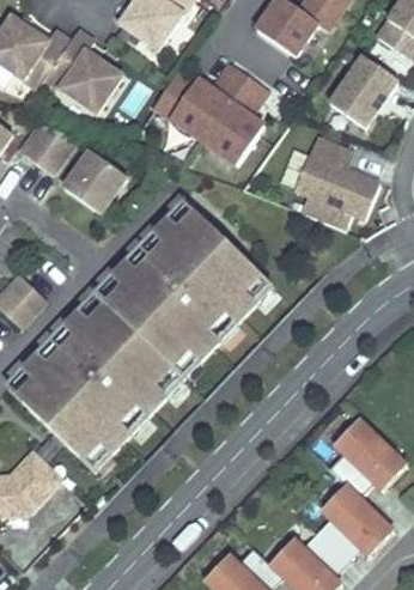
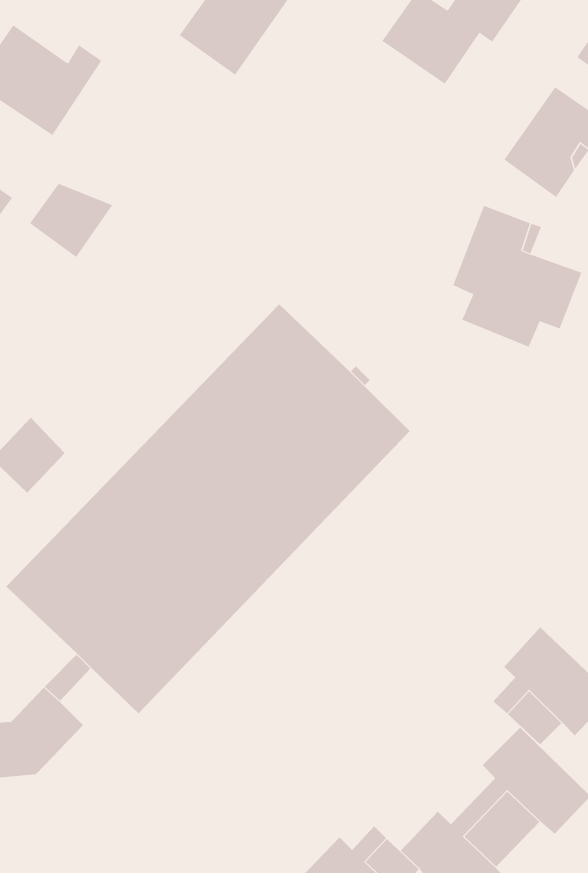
building: [44,31,122,115] -> none
building: [150,63,267,174] -> none
building: [62,151,124,213] -> none

